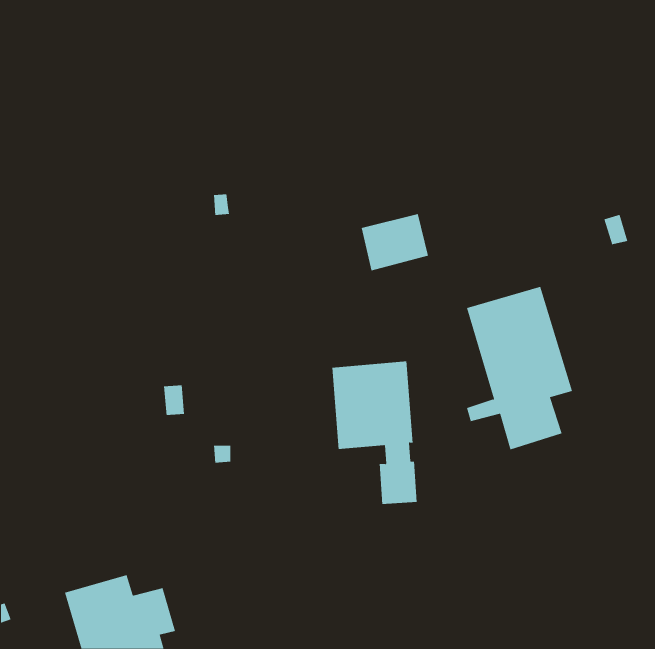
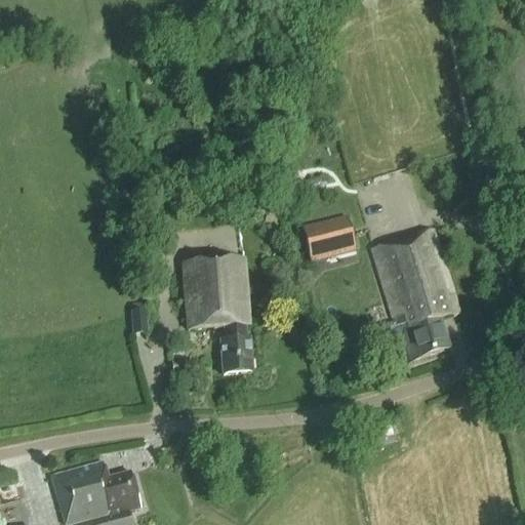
building: [361,214,429,271] -> [301,214,356,260]
building: [331,361,417,505] -> [184,257,252,372]

